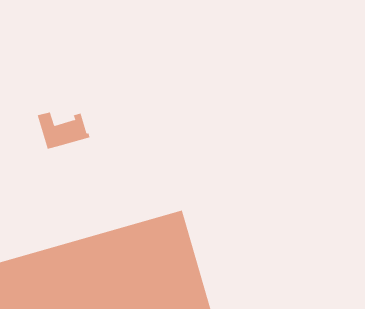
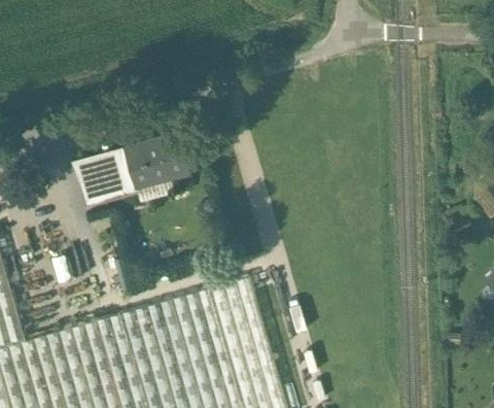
building: none -> [120,134,185,184]

